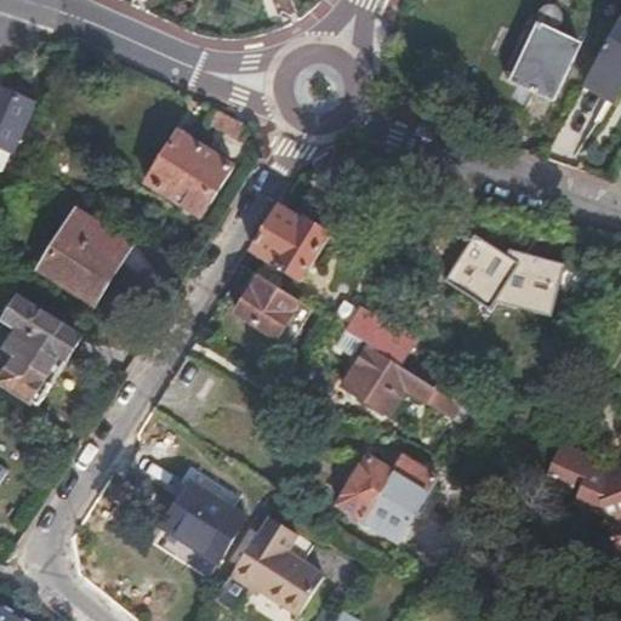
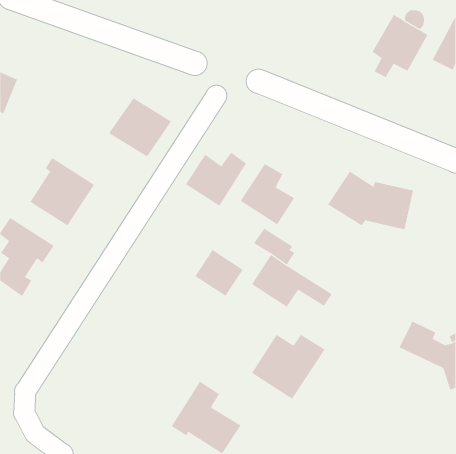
building: none -> [240,163,295,225]
building: [233,274,300,338] -> [194,249,244,297]
building: [164,483,245,559] -> none

